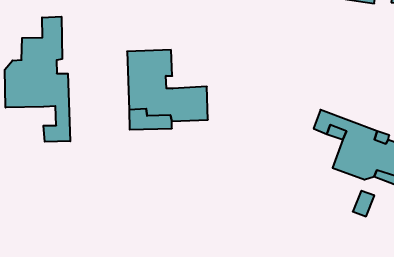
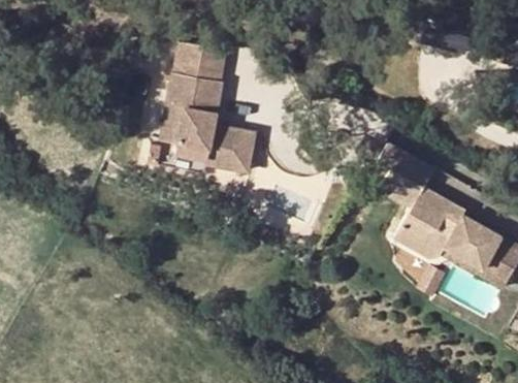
building: [5,17,70,142] -> none
building: none -> [172,50,226,83]

